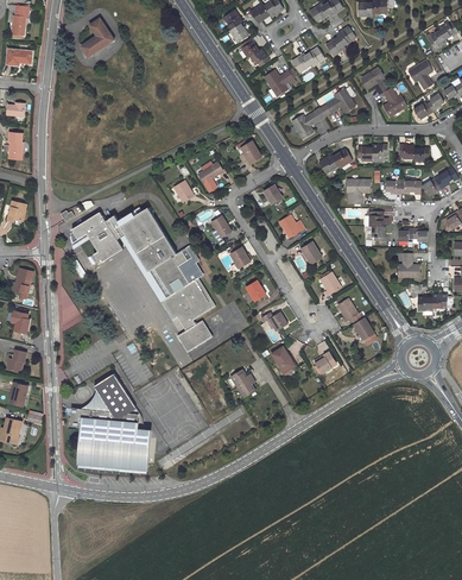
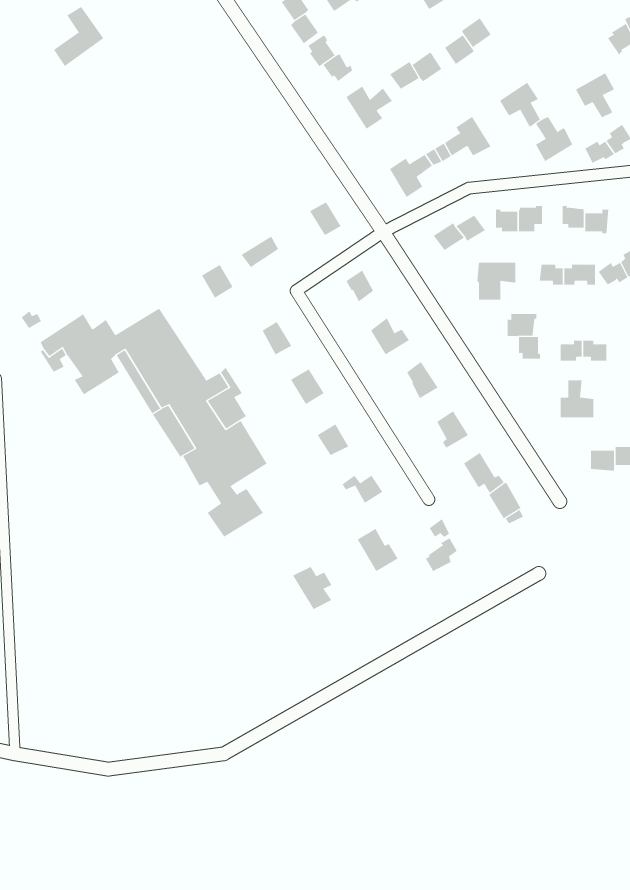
building: [69,373,151,471] -> none

